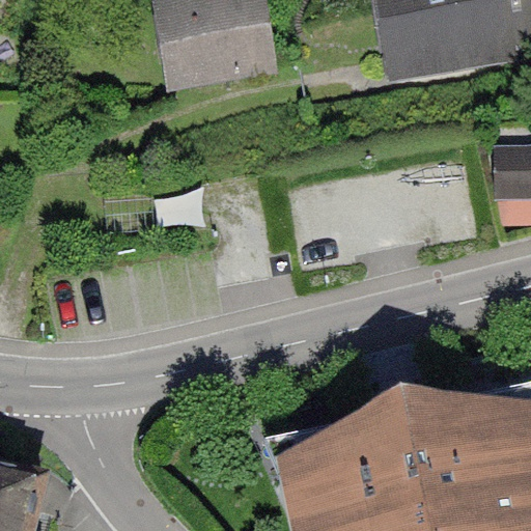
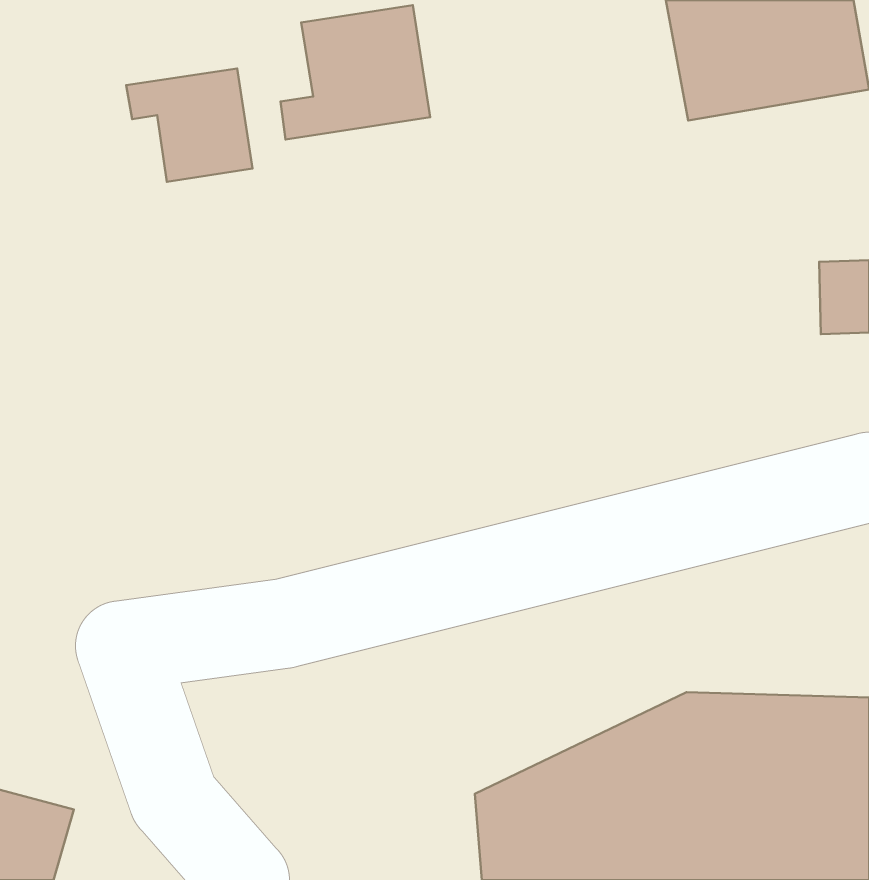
building: none -> [126,68,252,182]

